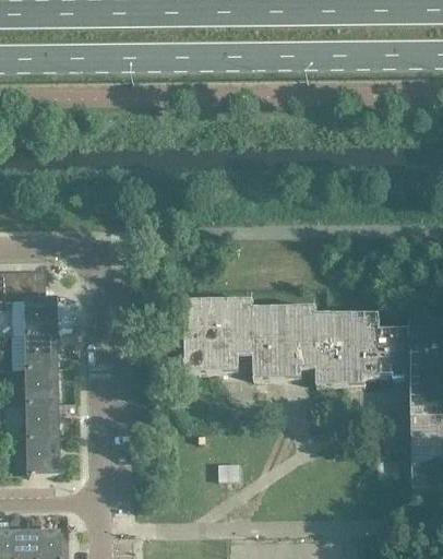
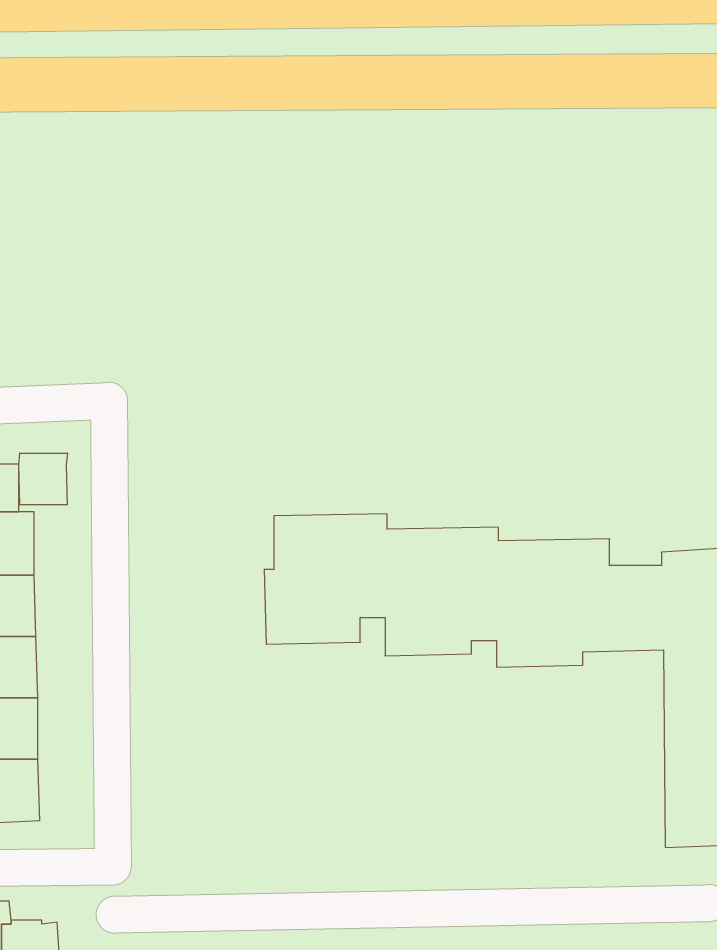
building: none -> [19,453,67,505]

